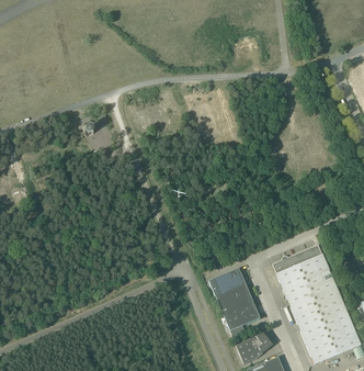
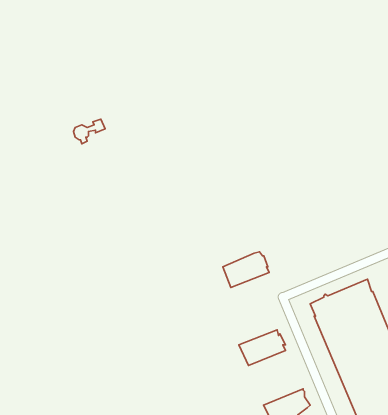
building: [209,268,247,296] -> [223,252,269,287]
building: [224,301,260,338] -> none

